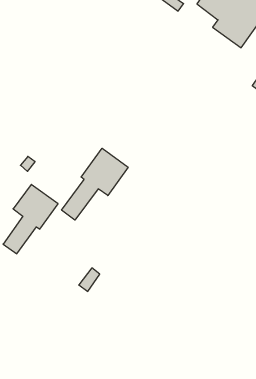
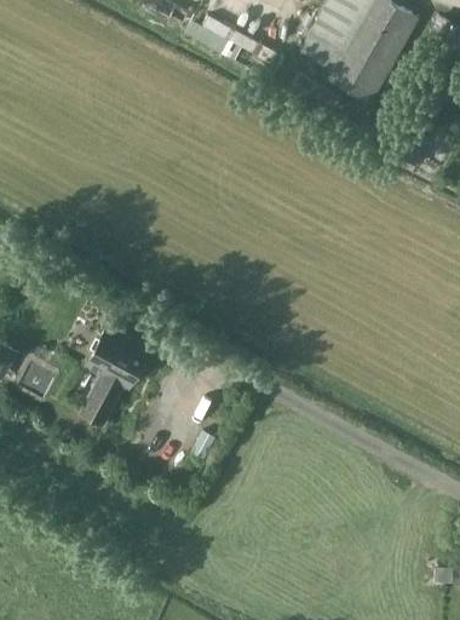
building: [62,148,128,220] -> none

